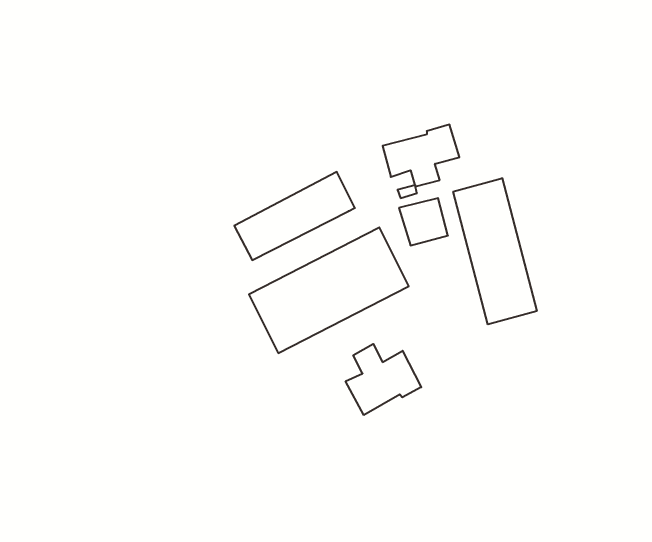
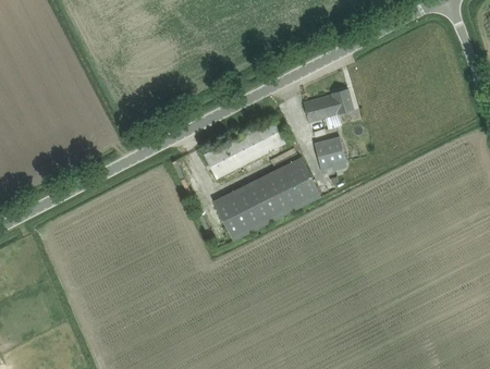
building: [453,178,537,324] -> none
building: [346,344,421,415] -> none

